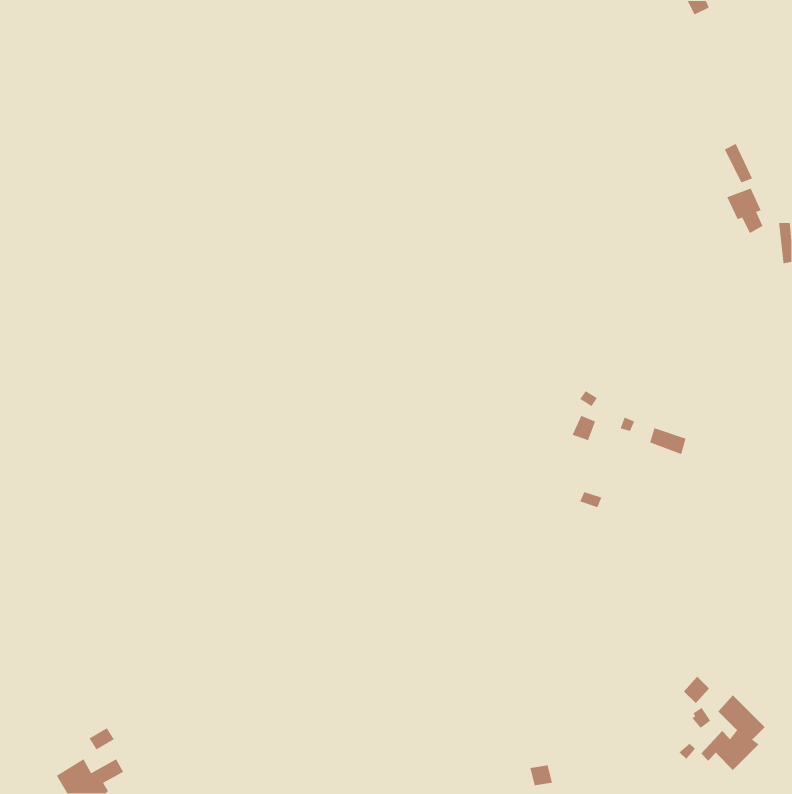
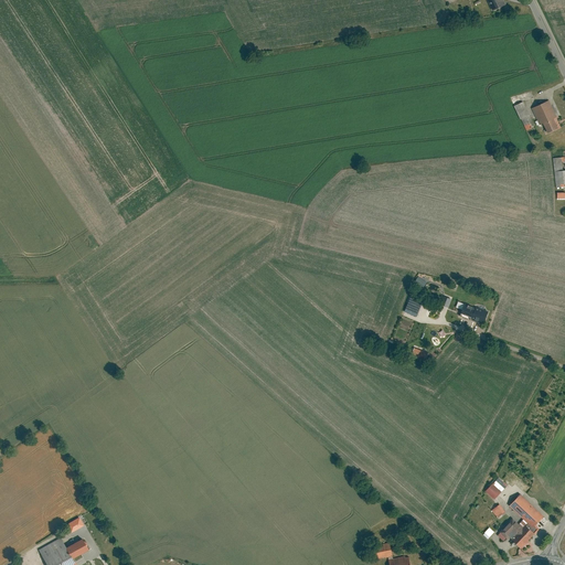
building: [726,187,763,234] -> [532,100,558,134]

